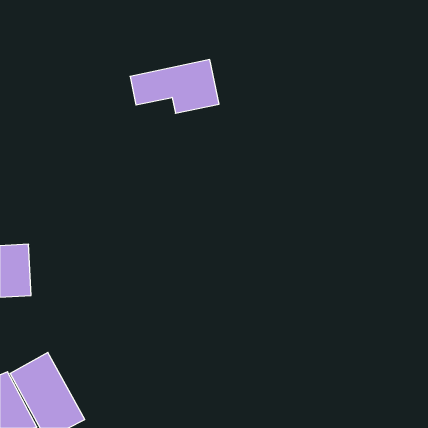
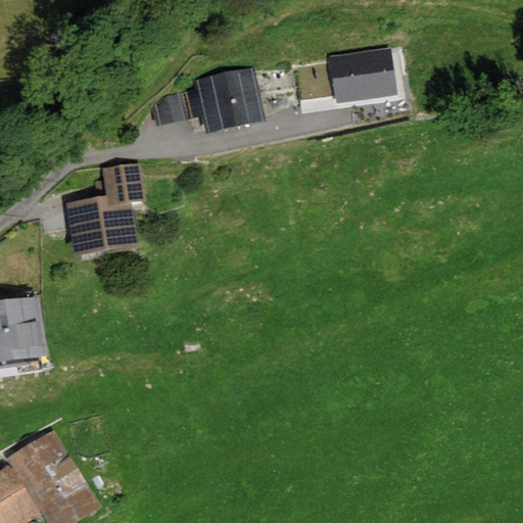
building: none -> [331,52,392,98]
building: none -> [60,161,136,253]

